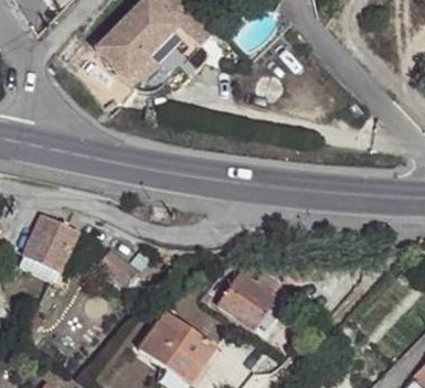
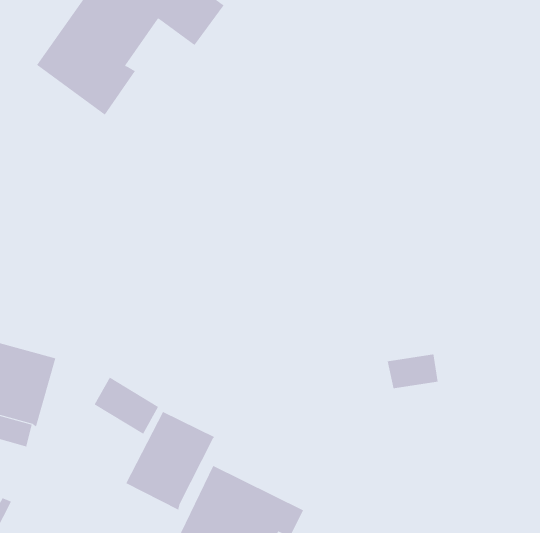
building: [219,271,281,327] -> none
building: none -> [126,411,215,511]

